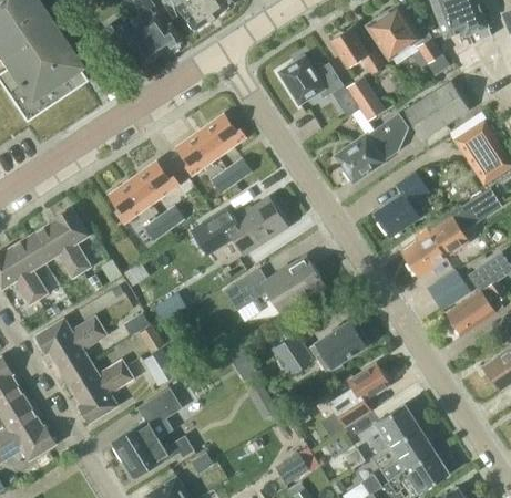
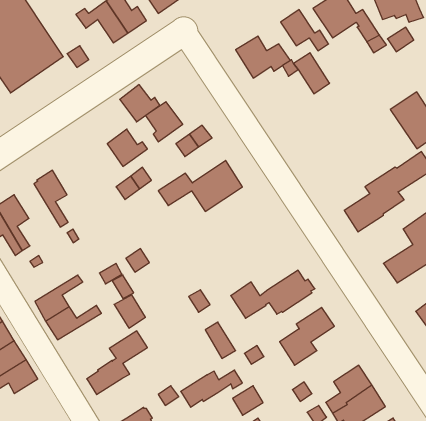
building: [405,82,470,139] -> none
building: [201,114,246,156] -> [120,85,160,122]
building: [335,114,409,183] -> none
building: [375,173,429,237] -> none
building: [110,178,152,224] -> none
building: [29,224,81,277] -> none
building: [225,256,325,313] -> none
building: [430,271,469,307] -> none
building: [37,318,101,356] -> none
building: [78,370,133,423] -> none
building: [370,405,419,454] -> none
building: [122,437,192,479] -> [181,370,242,407]

